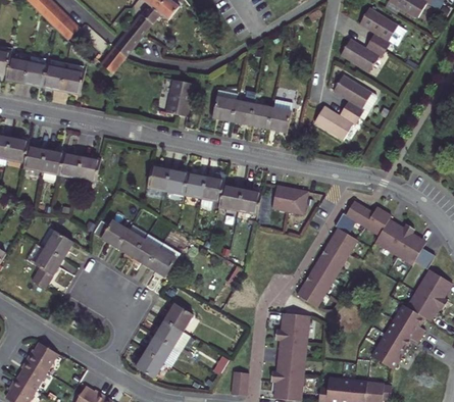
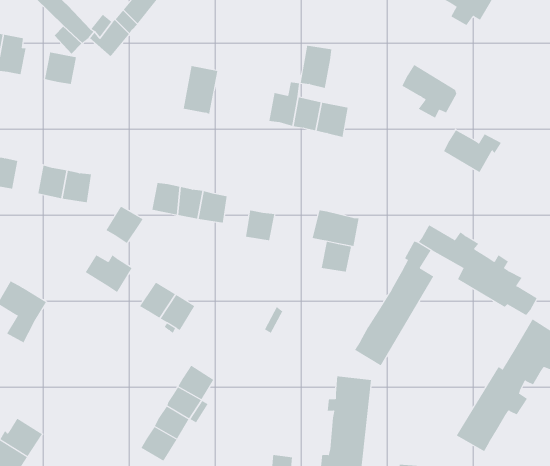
building: [338,40,381,71] -> none
building: [46,59,67,89] -> none
building: [212,88,237,120] -> [300,45,332,89]
building: [313,108,357,141] -> [443,129,502,173]
building: [40,150,62,174] -> none
building: [198,177,218,201] -> none
building: [233,190,256,213] -> [321,241,352,272]
building: [47,229,75,256] -> none
building: [118,231,147,259] -> [105,206,144,244]

